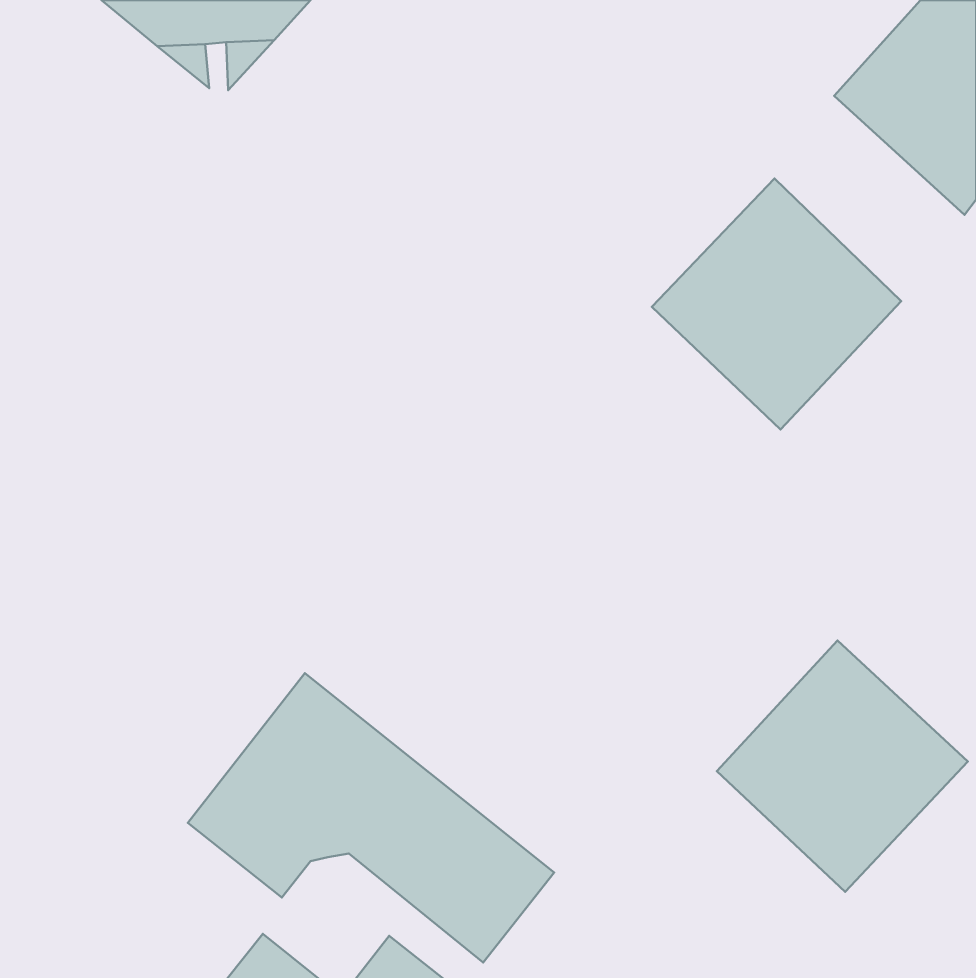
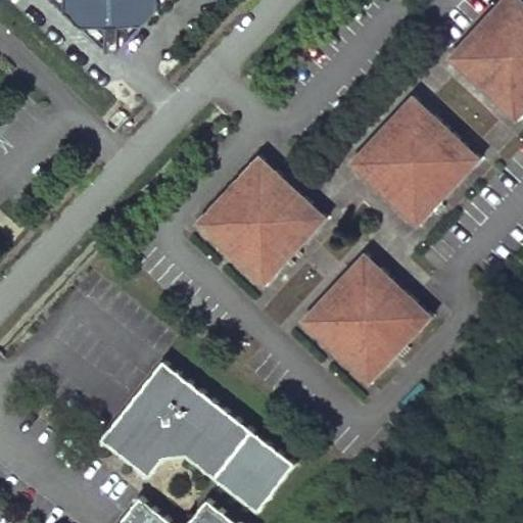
building: none -> [194,156,327,288]
building: [717,641,968,892] -> [298,253,432,387]

